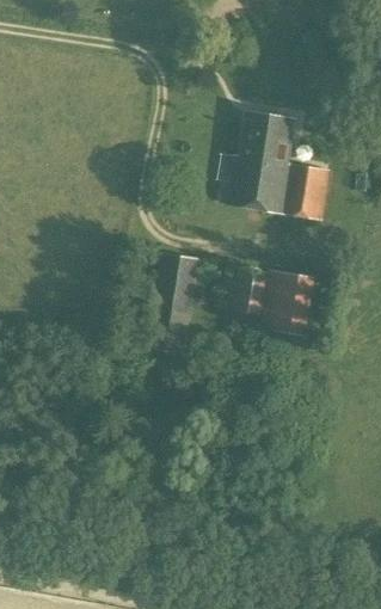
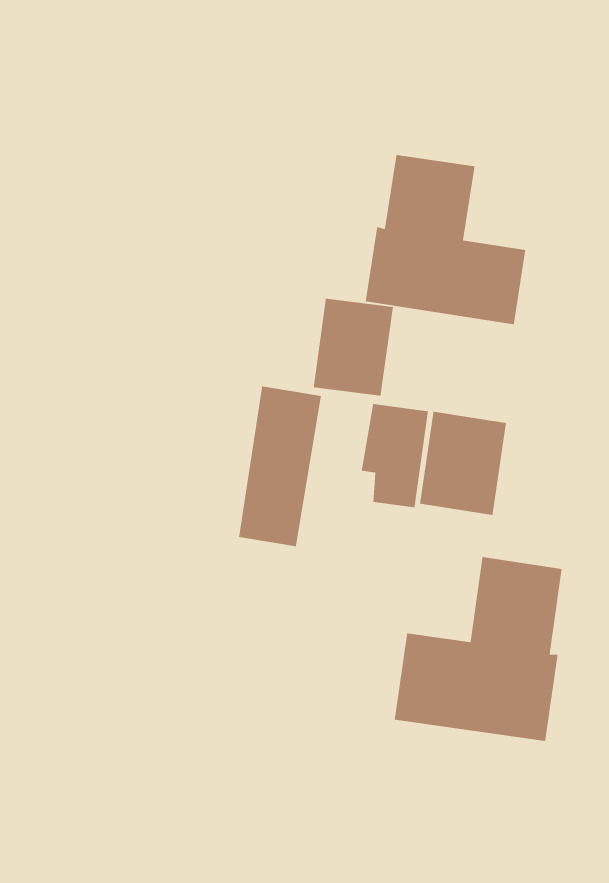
building: none -> [313,298,394,397]
building: none -> [394,556,563,742]

